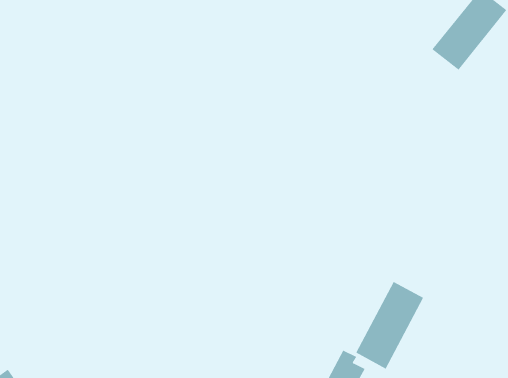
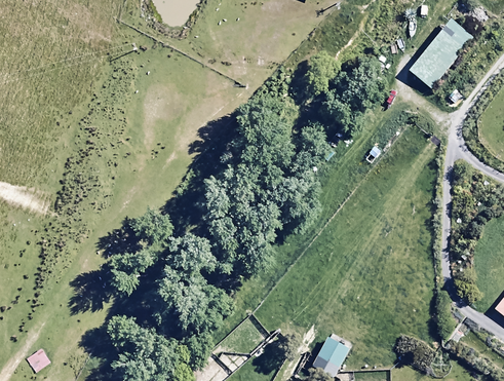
building: [356,281,424,369] -> none

